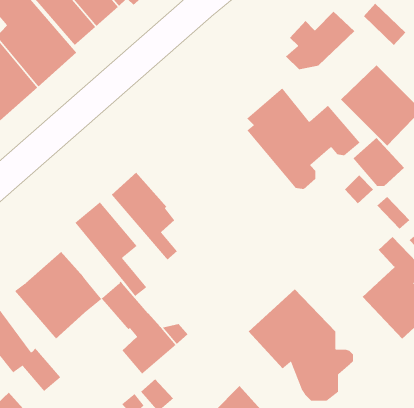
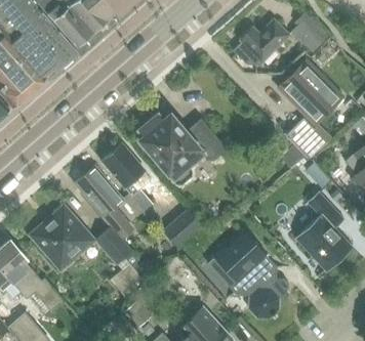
building: [246,87,360,189] -> [138,108,226,185]
building: none -> [162,210,202,248]

